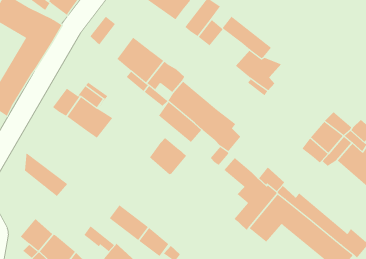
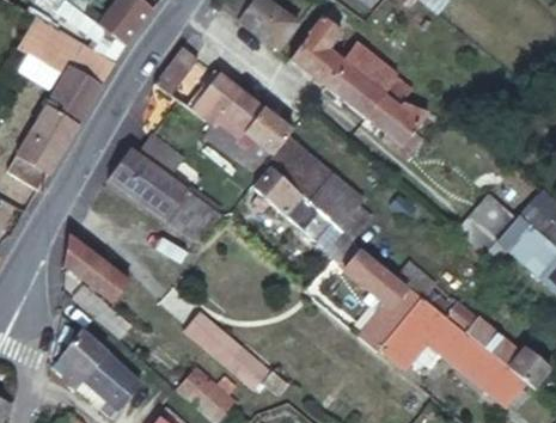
building: none -> [326,65,383,116]
building: none -> [167,190,220,240]
building: [149,137,187,175] -> none

